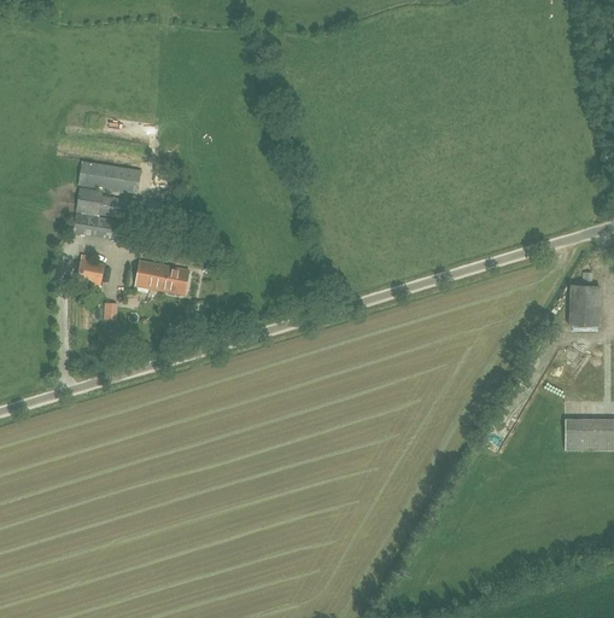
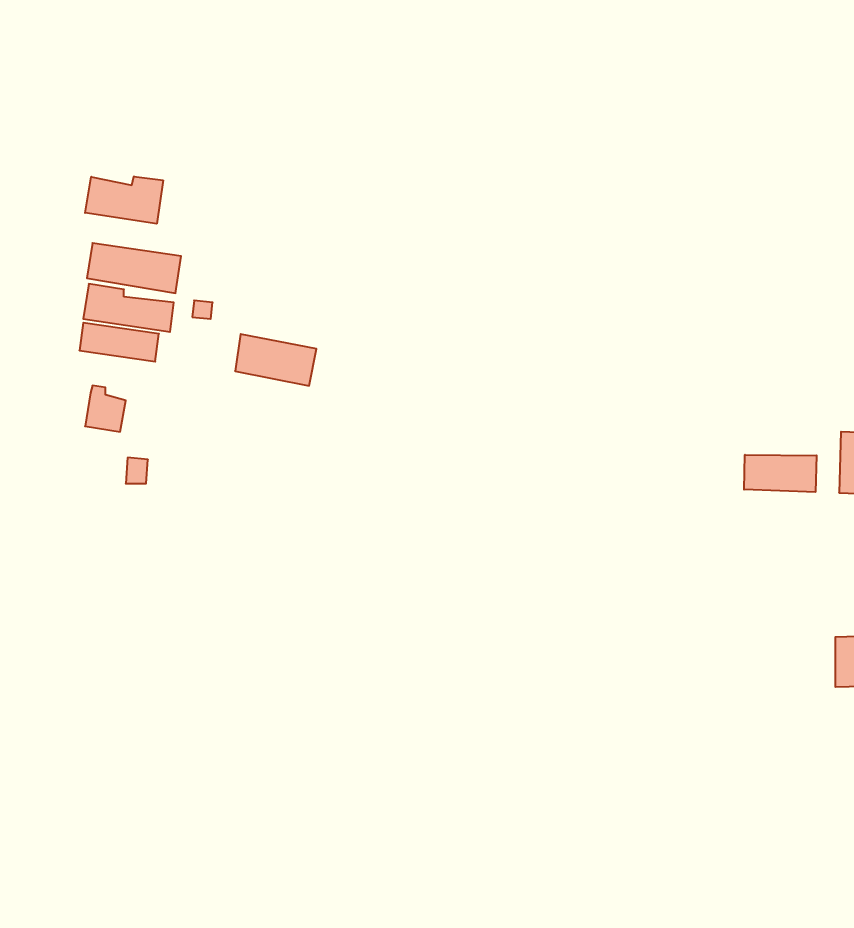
building: none -> [85,176,163,224]
building: [136,260,189,293] -> [235,334,316,386]
building: none -> [744,455,817,492]

